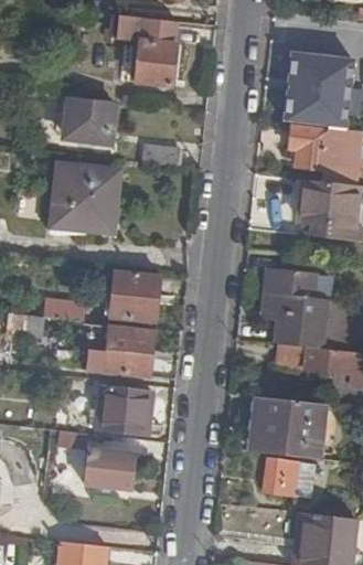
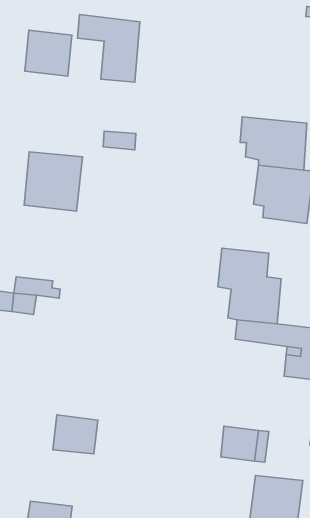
building: [289,43,340,119] -> none
building: [65,97,116,147] -> [25,30,72,76]
building: [109,271,160,320] -> none
building: [105,326,152,376] -> none
building: [100,387,147,433] -> none
building: [250,397,325,460] -> none

